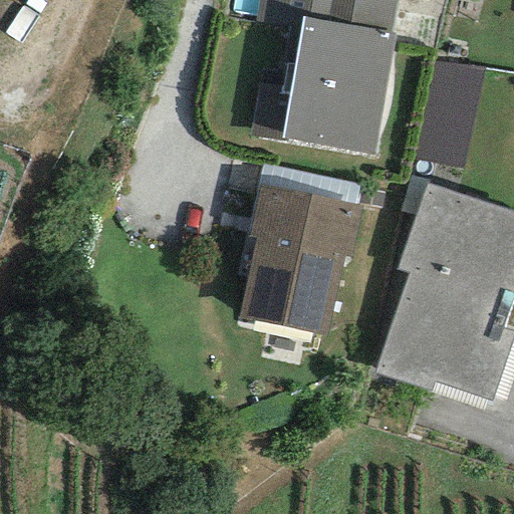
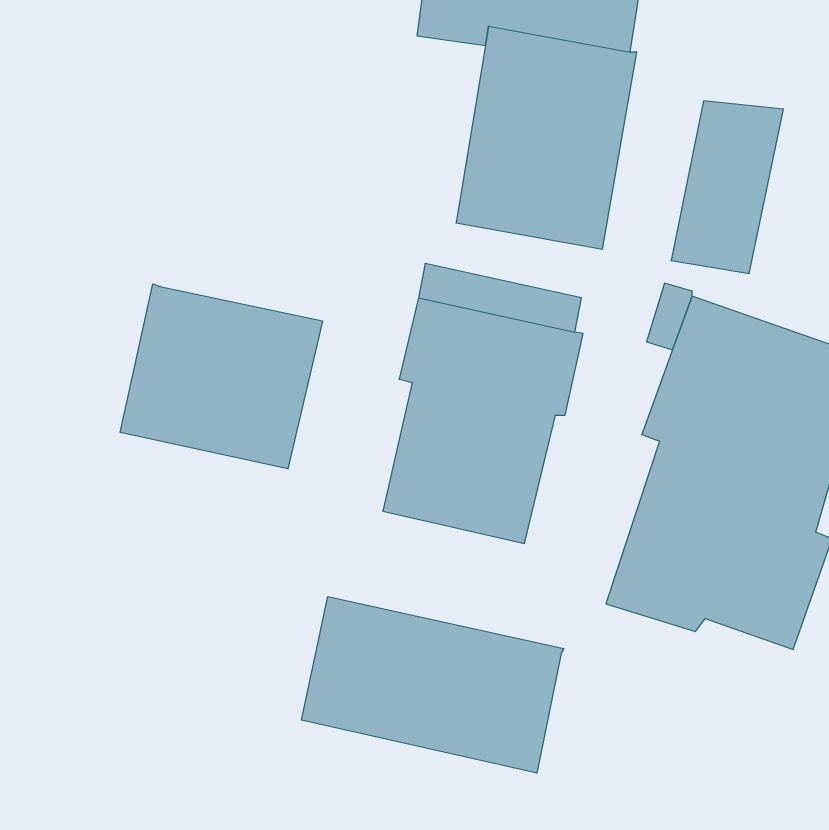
building: none -> [120,284,322,469]
building: none -> [301,597,564,773]

